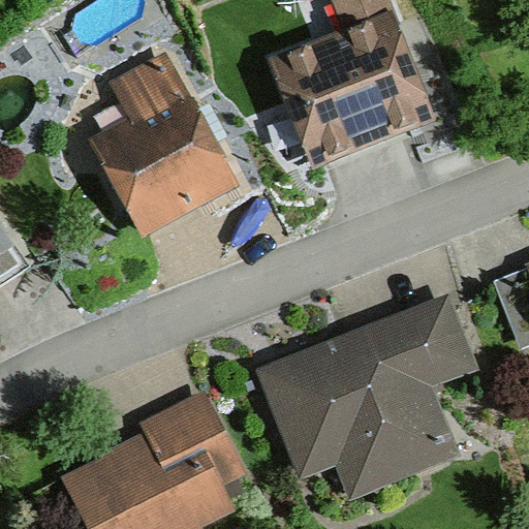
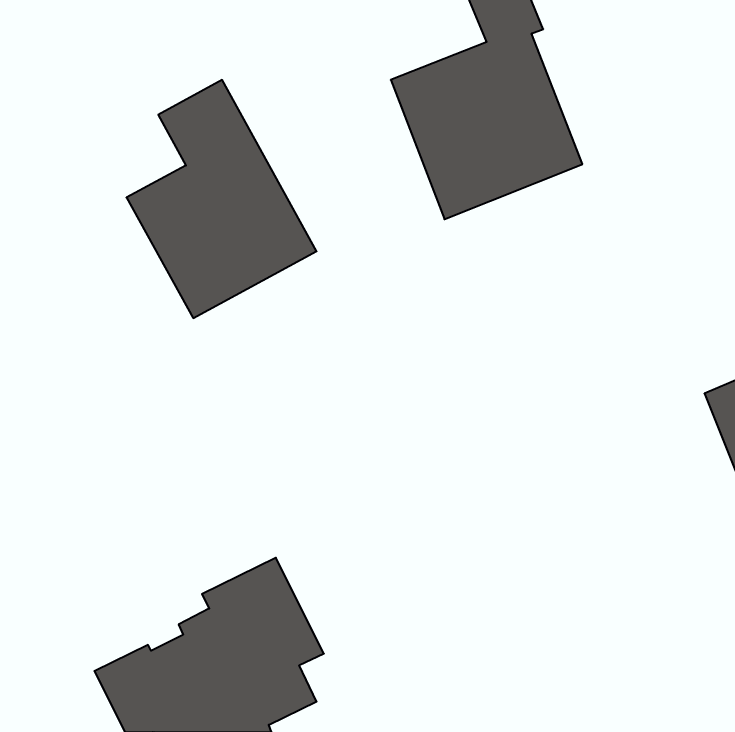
building: [268,304,465,472] -> none

